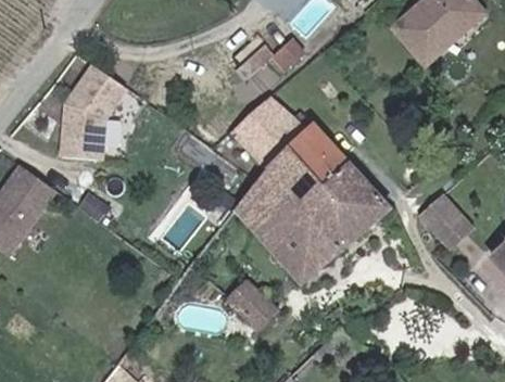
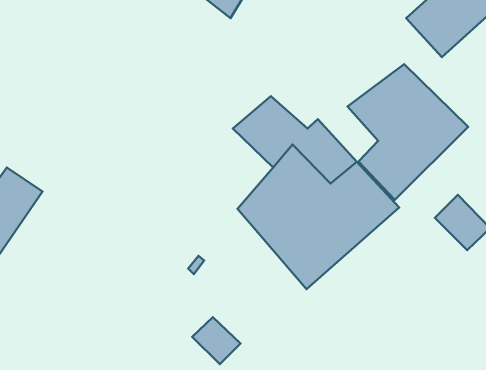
building: [61,61,129,155] -> none
building: none -> [347,64,468,200]
building: [233,283,279,328] -> [192,317,241,364]

